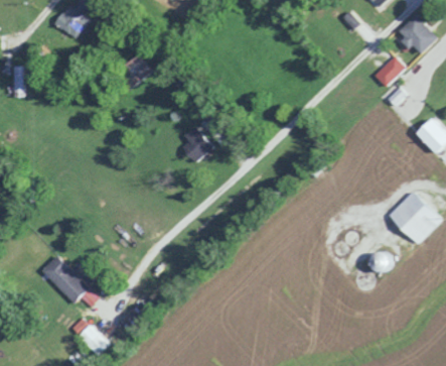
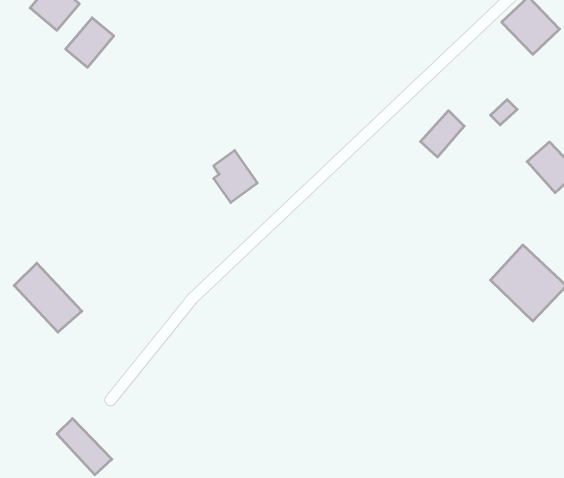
building: none -> [66,18,114,67]
building: [373,54,404,88] -> [420,111,464,157]
building: [47,254,96,303] -> [14,263,82,332]

